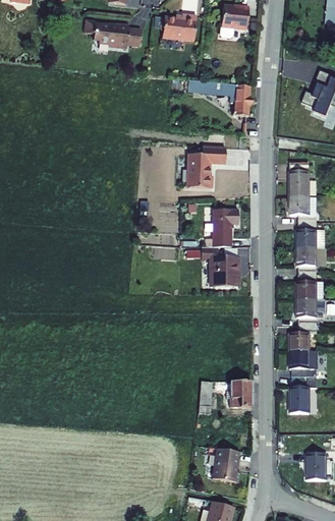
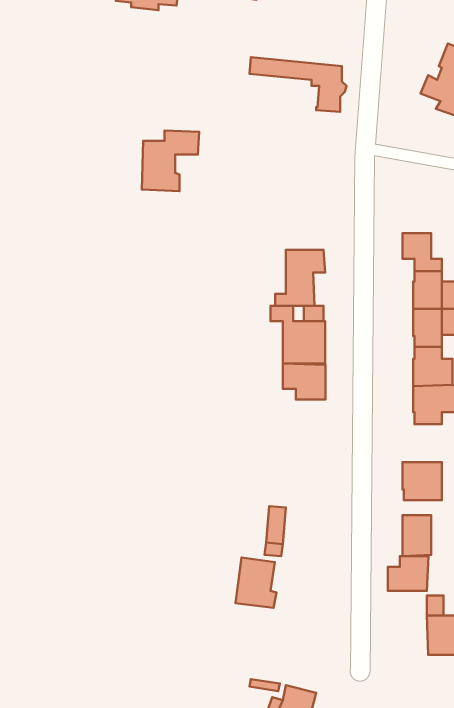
building: [186,147,225,187] -> [142,130,199,191]
building: [290,163,310,197] -> none
building: none -> [283,364,325,400]
building: [290,326,317,351] -> none
building: [226,381,250,406] -> none
building: none -> [388,556,428,591]
building: [212,448,239,481] -> [236,558,277,608]

